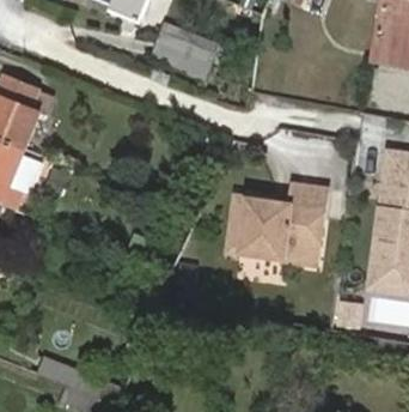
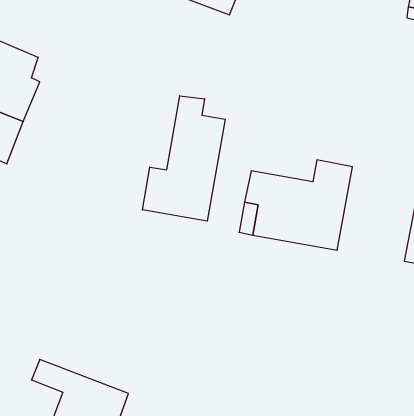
building: none -> [142,96,225,221]

